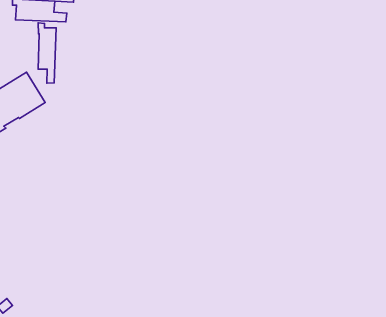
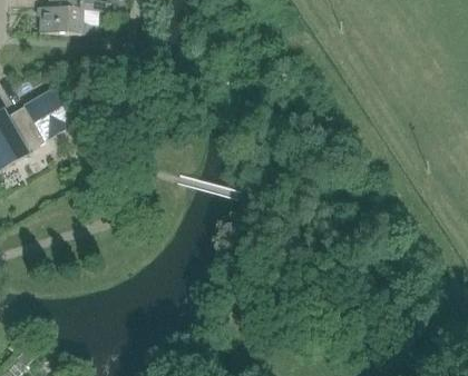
building: [38,23,56,83] -> none

